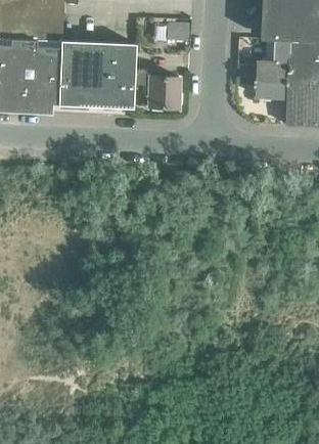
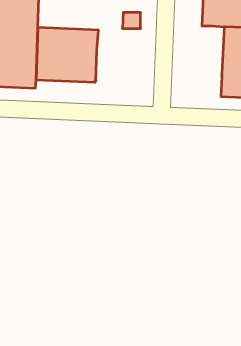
building: [236,38,290,97] -> none
building: [132,69,177,107] -> none

